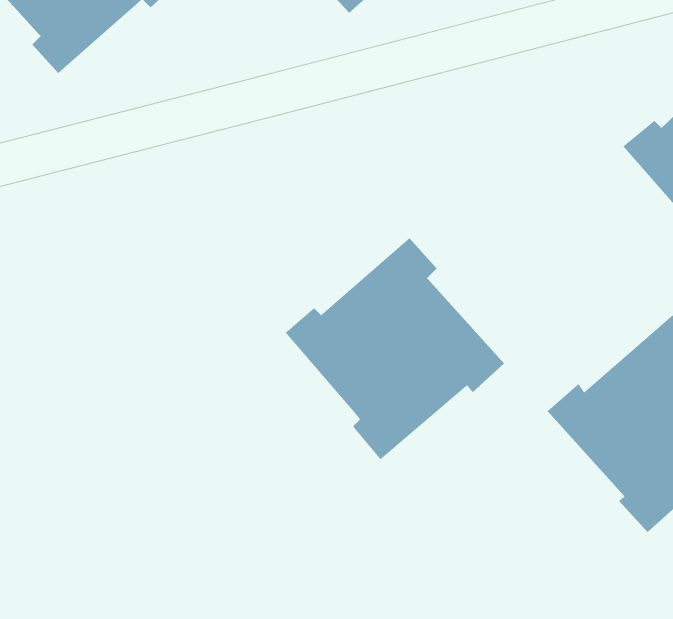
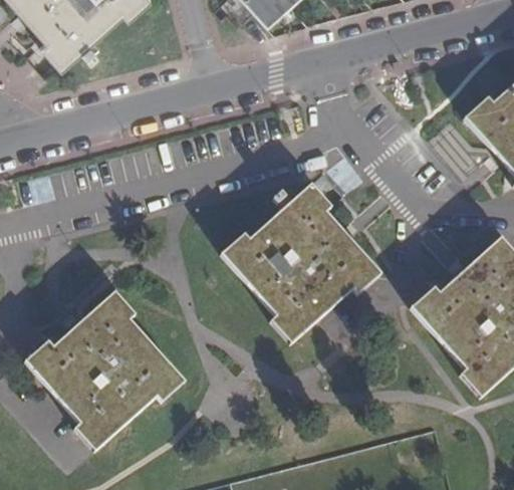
building: none -> [27,291,186,449]

